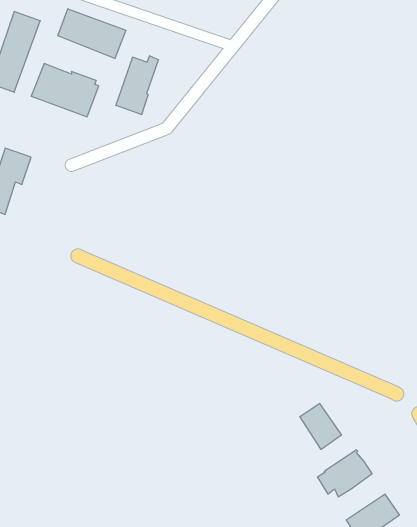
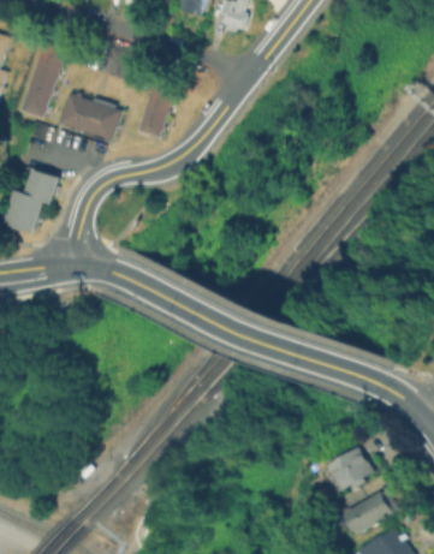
building: [58,9,126,59] -> none
building: [300,403,341,449] -> none

